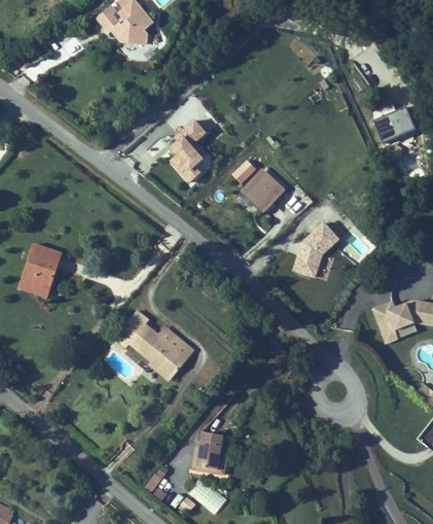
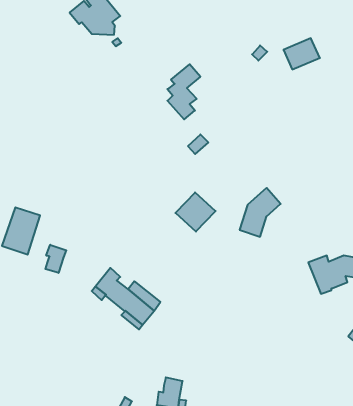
building: [372,106,414,142] -> [283,38,320,69]
building: [168,118,206,182] -> [167,64,200,119]
building: [239,167,285,212] -> [175,192,216,232]
building: none -> [45,245,66,273]

